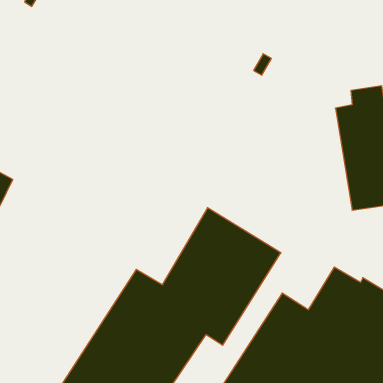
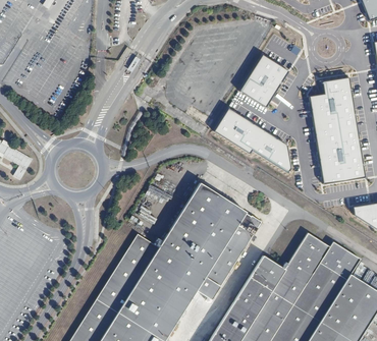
building: none -> [239,55,289,108]
building: none -> [214,108,291,174]

